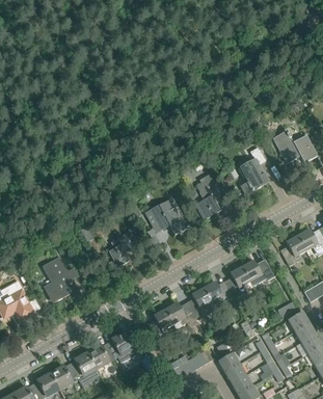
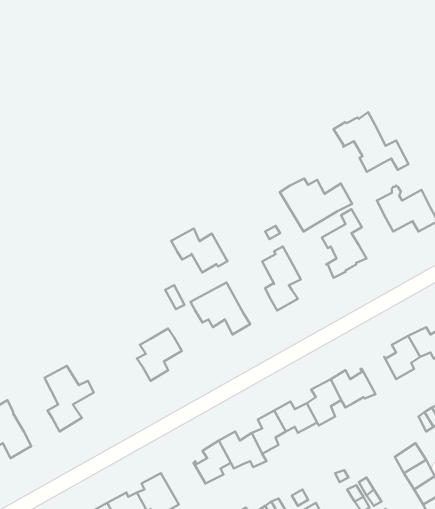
building: none -> [334,112,409,172]
building: none -> [280,178,352,231]
building: none -> [171,228,227,272]

